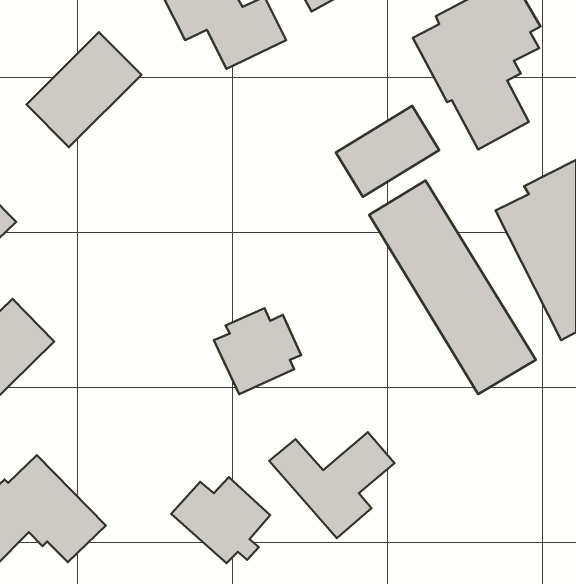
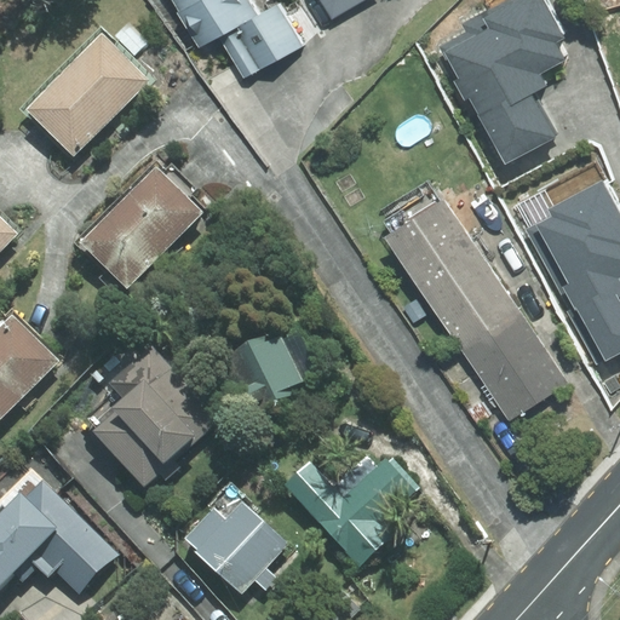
building: [336,106,439,197] -> none
building: none -> [81,167,202,289]
building: none -> [94,348,216,487]

